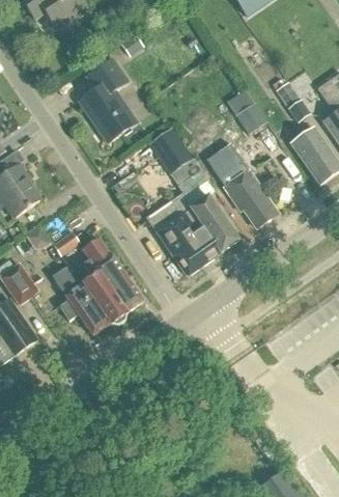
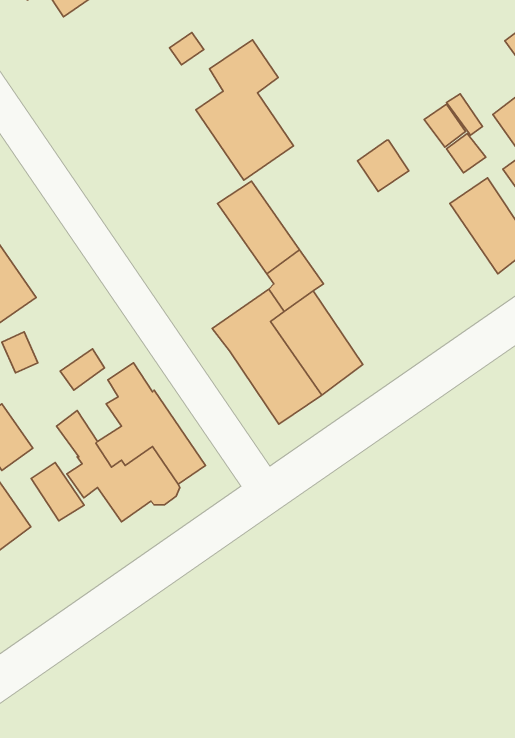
building: [79,57,138,142] -> [196,40,293,180]
building: [213,149,275,226] -> none
building: none -> [31,462,84,521]

